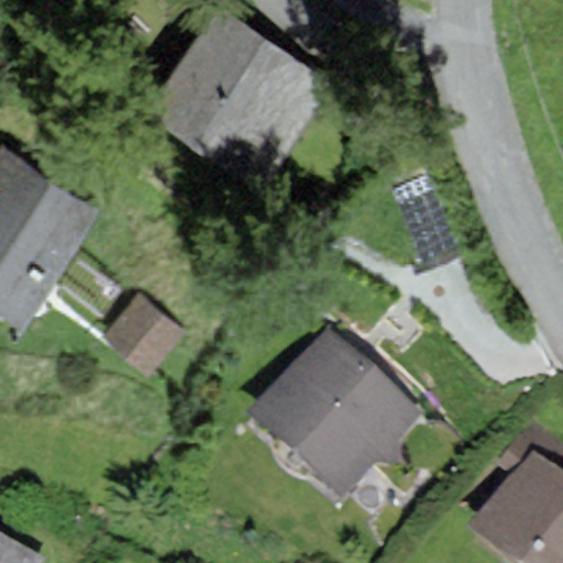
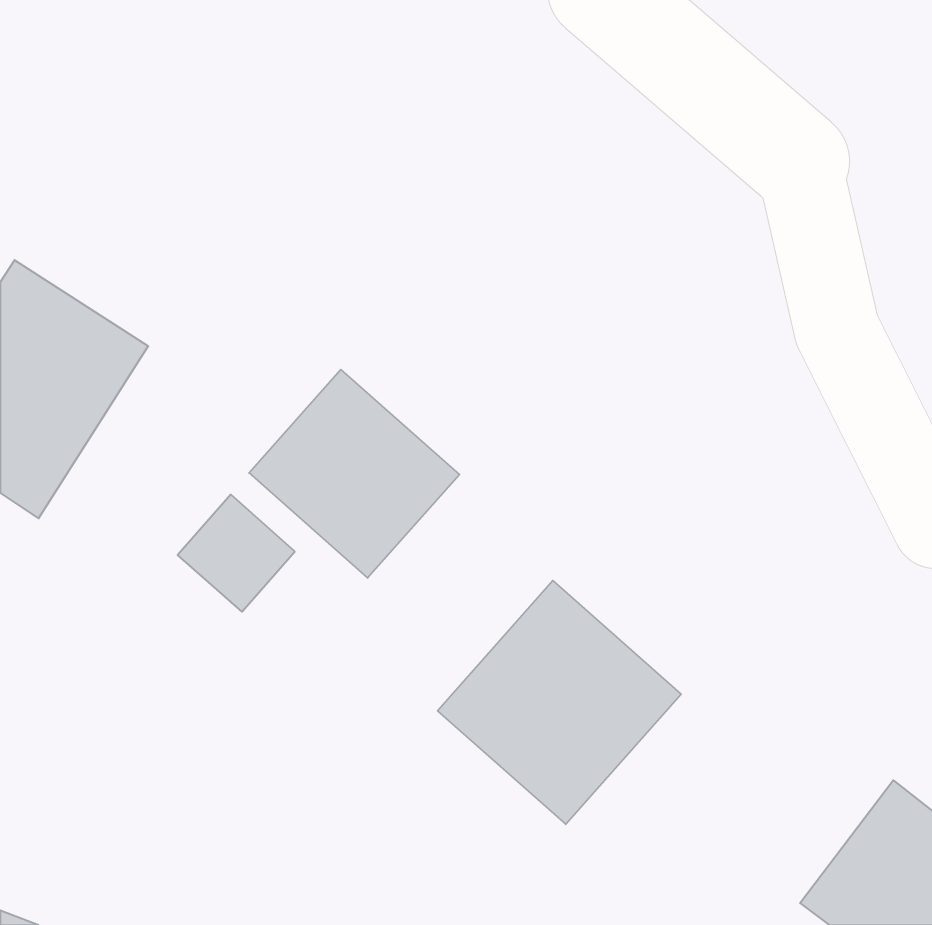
building: [153,9,321,174] -> none
building: none -> [249,370,459,578]

